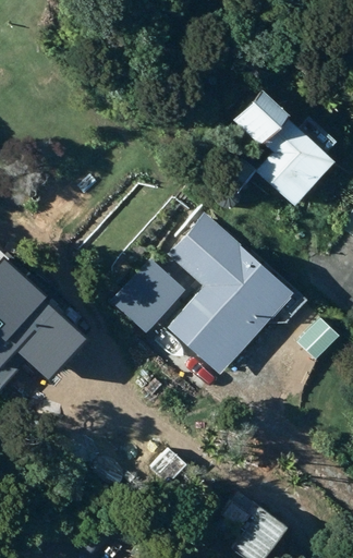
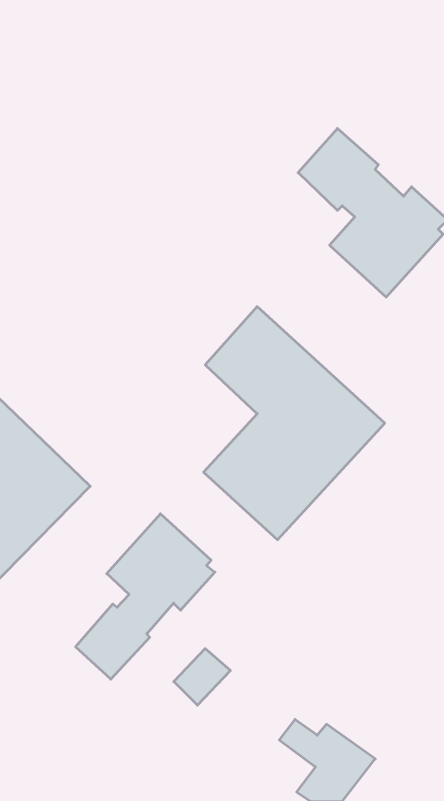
building: [113,256,188,330] -> none
building: none -> [76,514,215,679]

